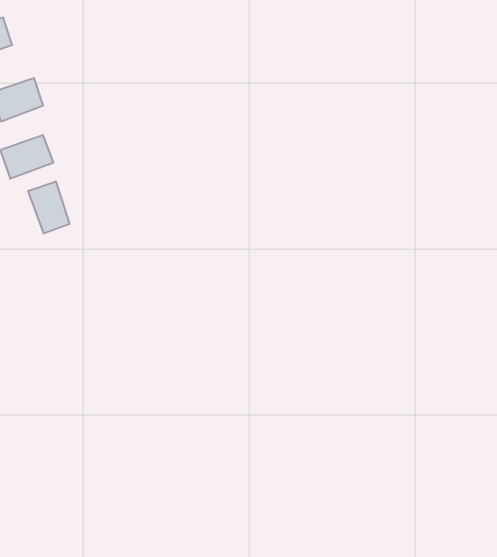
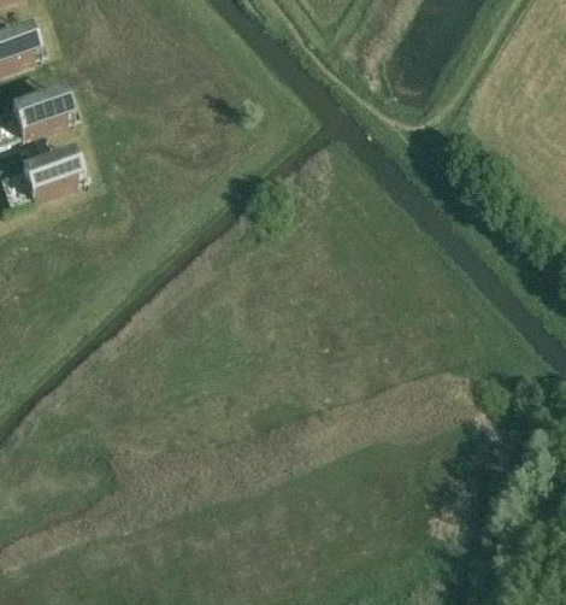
building: [28,181,70,234] -> none

